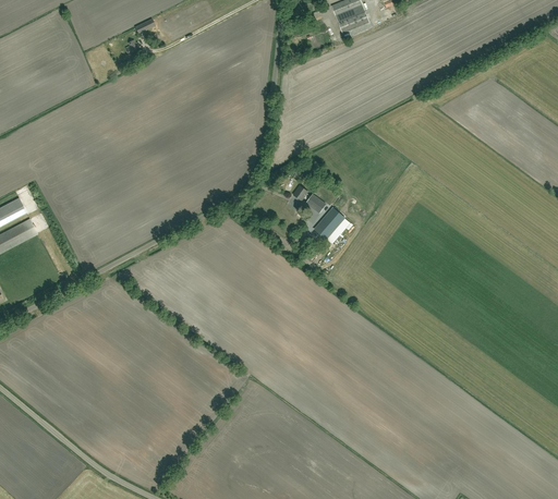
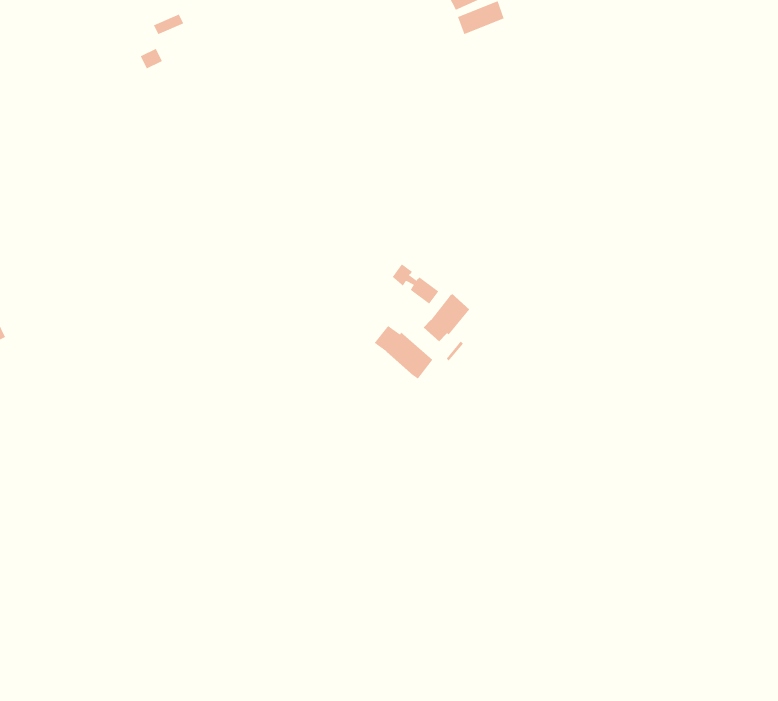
building: none -> [374,325,433,380]

